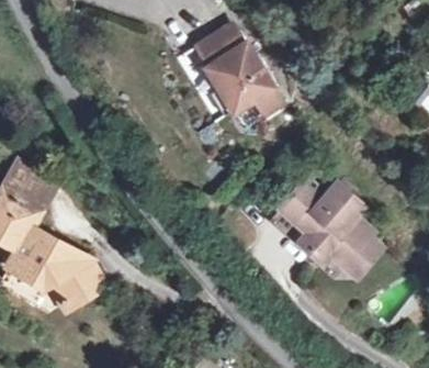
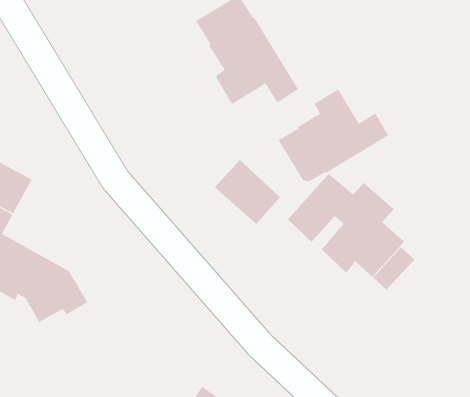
building: none -> [278,88,389,182]
building: none -> [214,159,281,225]

